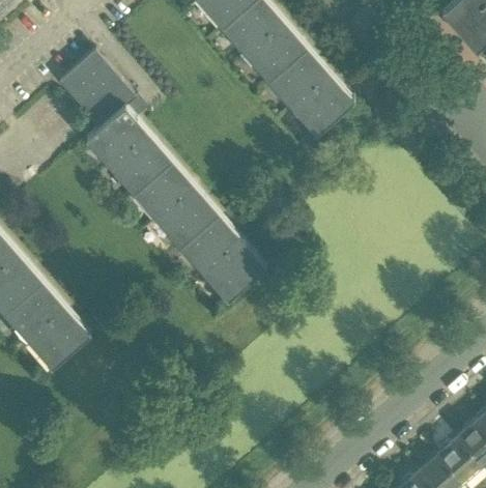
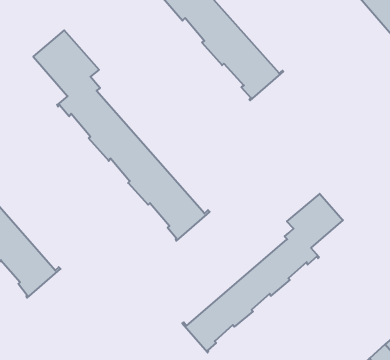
building: none -> [182,194,343,353]

